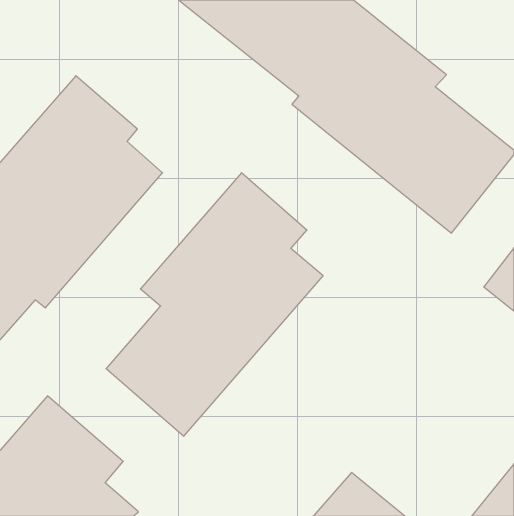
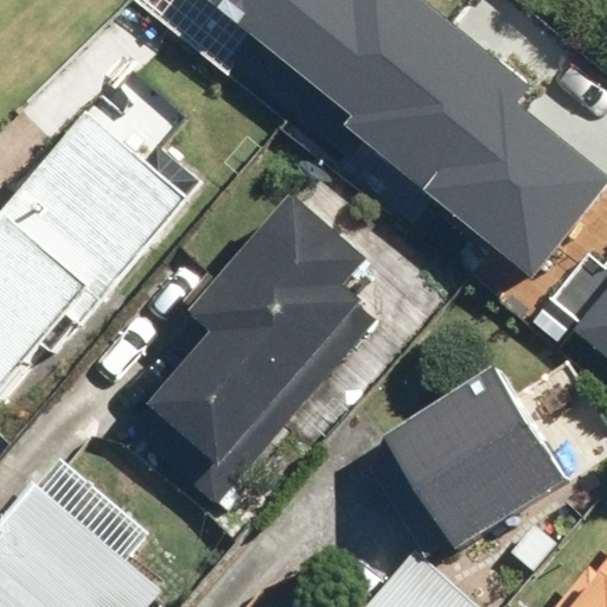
building: none -> [383,368,562,548]

